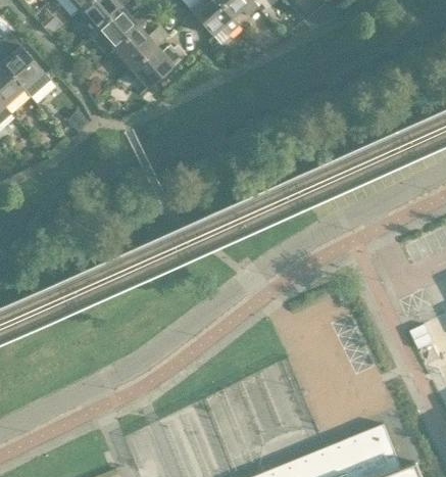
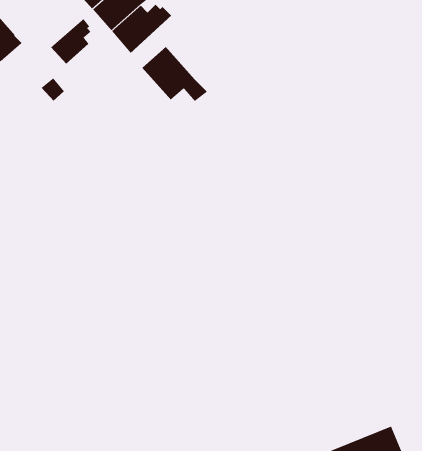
building: none -> [50,18,91,64]
building: none -> [142,46,208,102]

